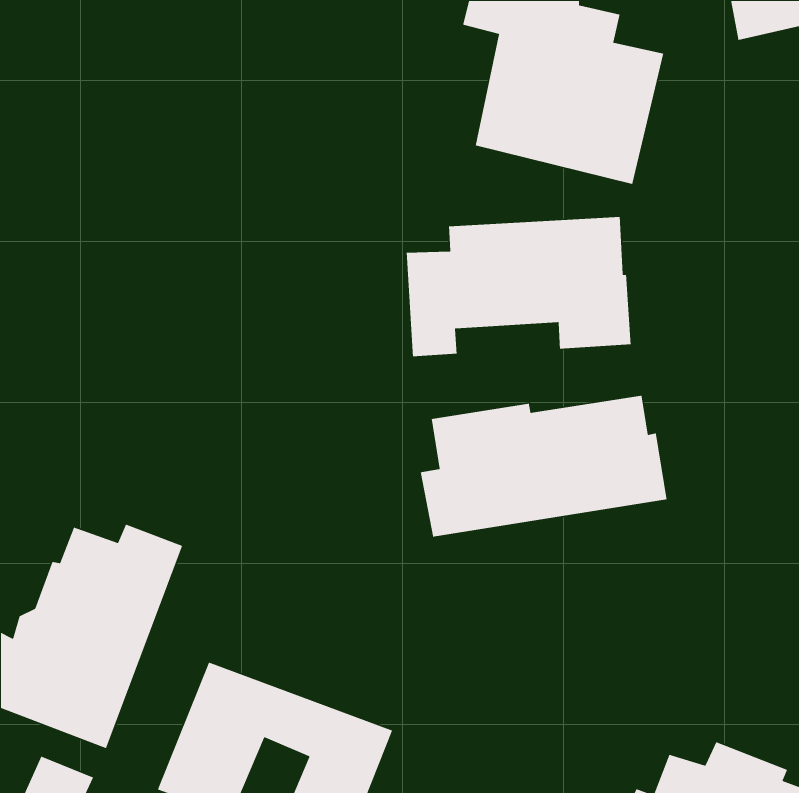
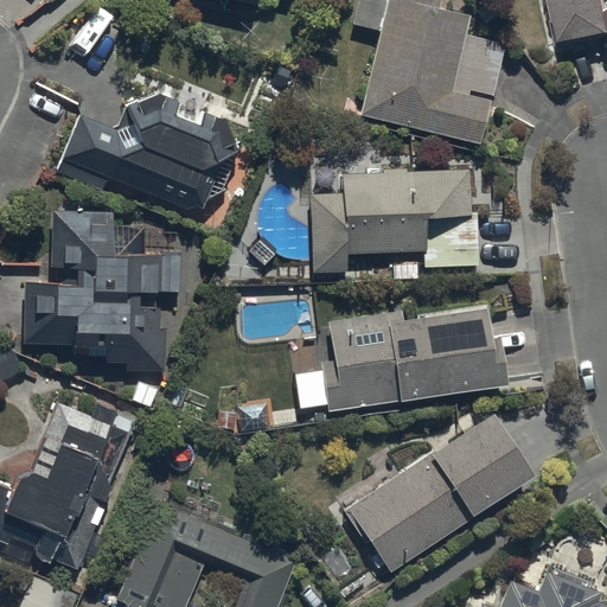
building: none -> [56,92,237,211]
building: none -> [23,210,180,375]
building: none -> [350,411,531,574]

